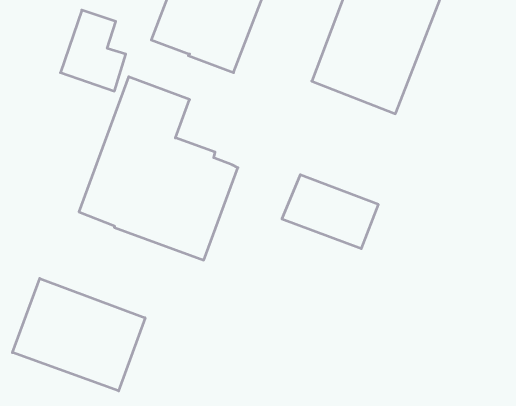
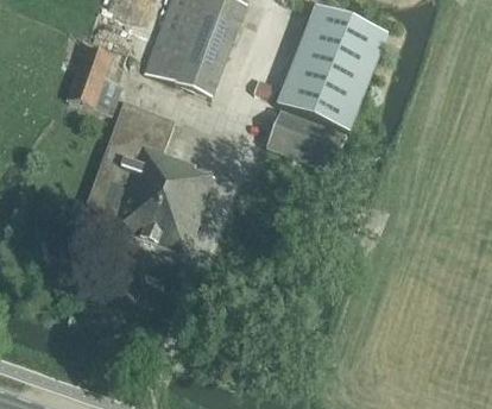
building: [282,175,378,249] -> [266,108,347,170]
building: [12,278,145,391] -> none

